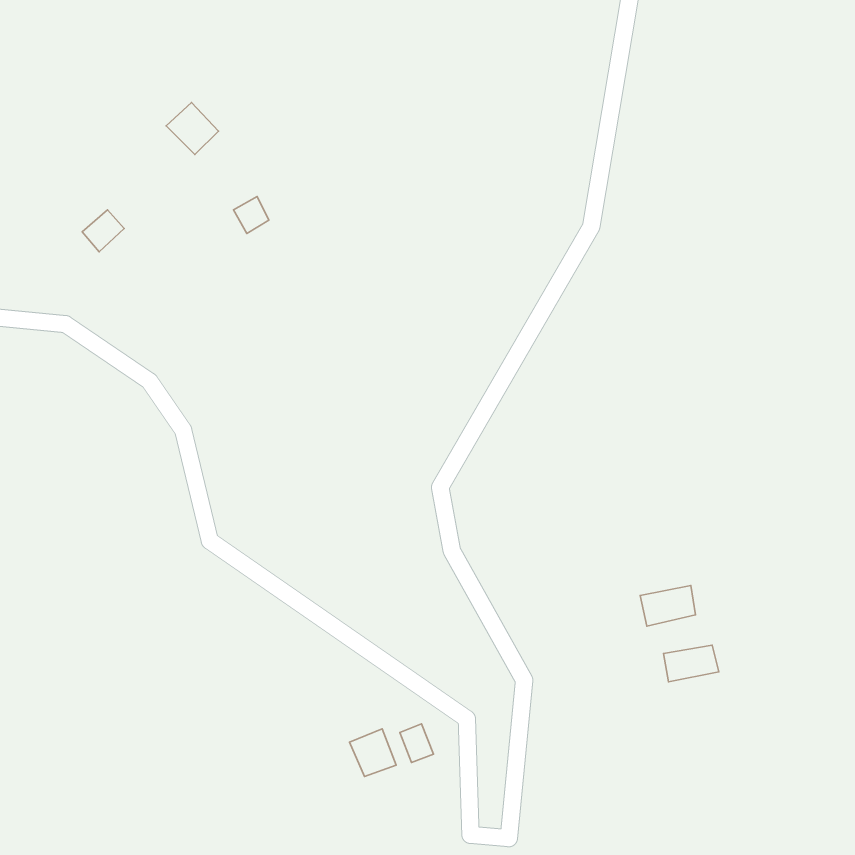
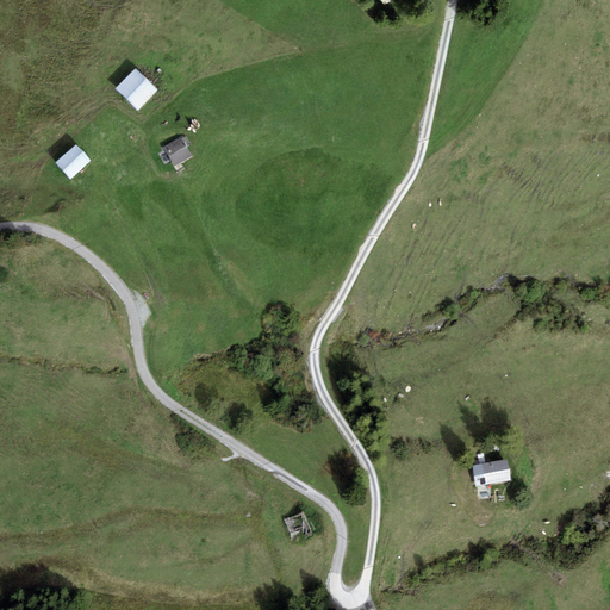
building: [640,585,695,626] -> none
building: [350,729,396,776] -> none

